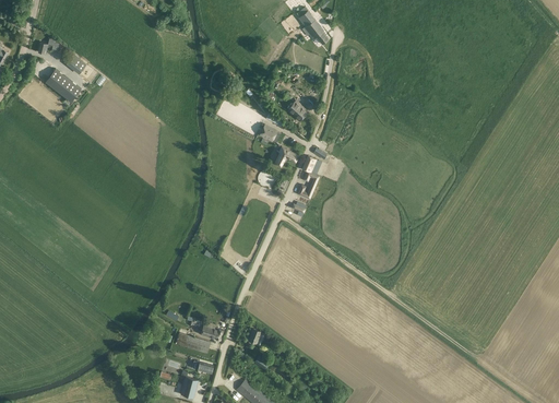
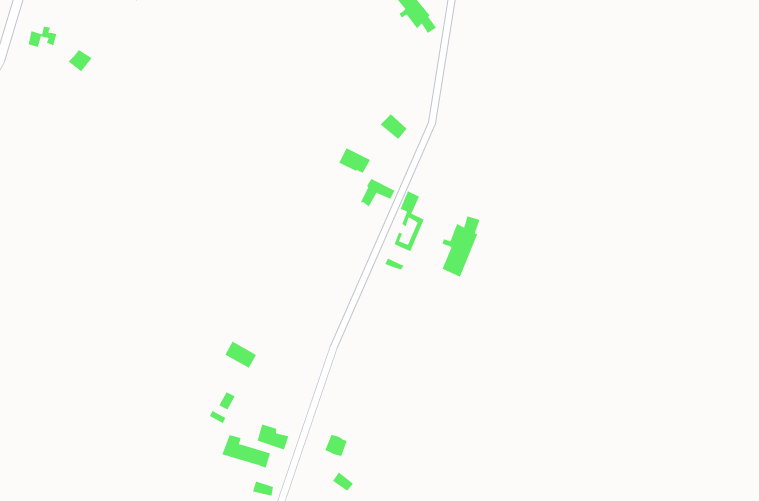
building: [45,69,80,102] -> none
building: none -> [442,215,480,277]

